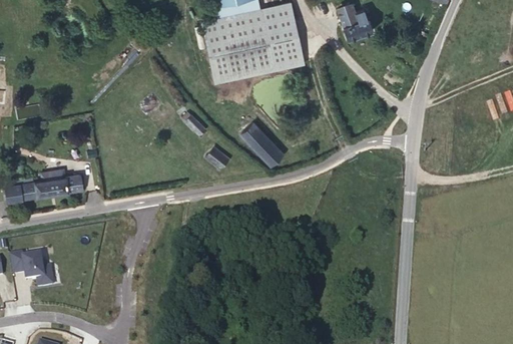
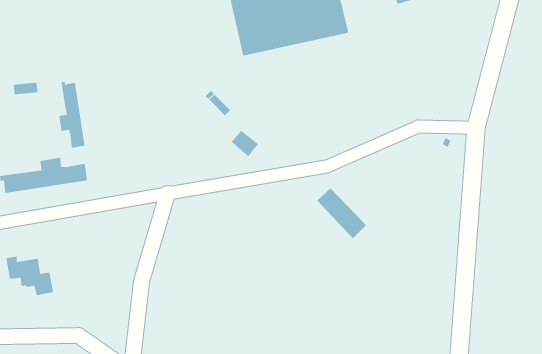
building: none -> [59,81,85,149]
building: [240,122,284,166] -> [316,188,367,239]

